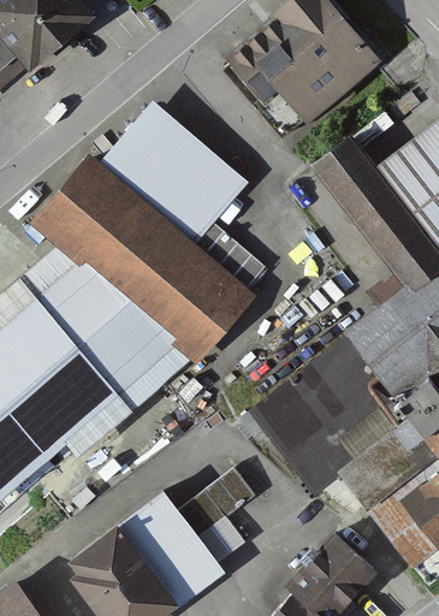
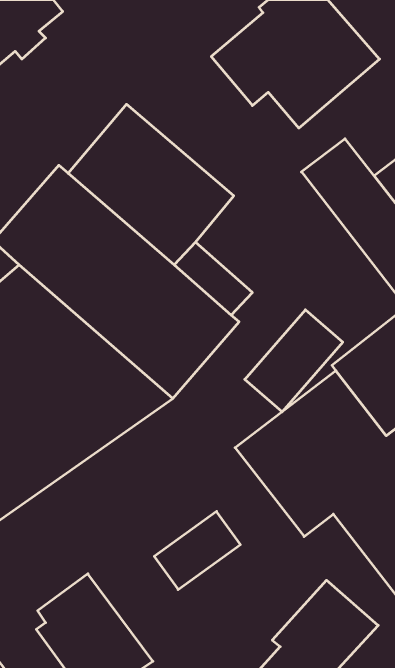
building: none -> [245,310,343,412]
building: [118,492,224,605] -> none

